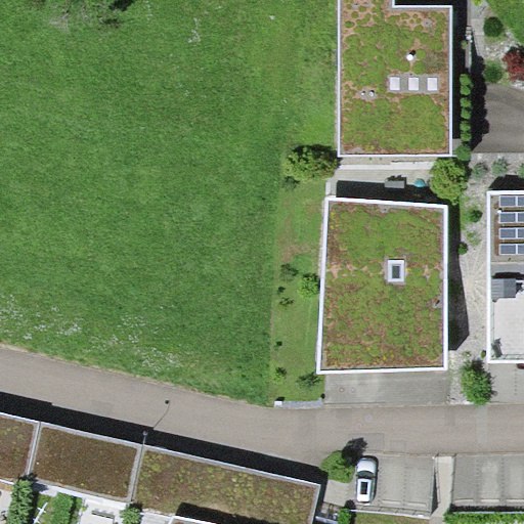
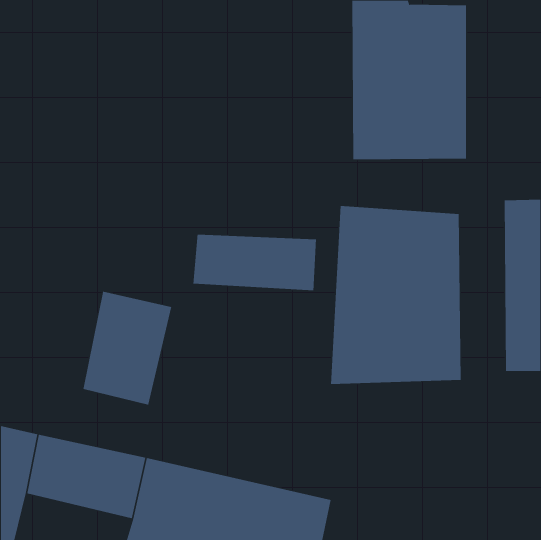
building: none -> [193,234,317,291]
building: none -> [83,291,172,406]

